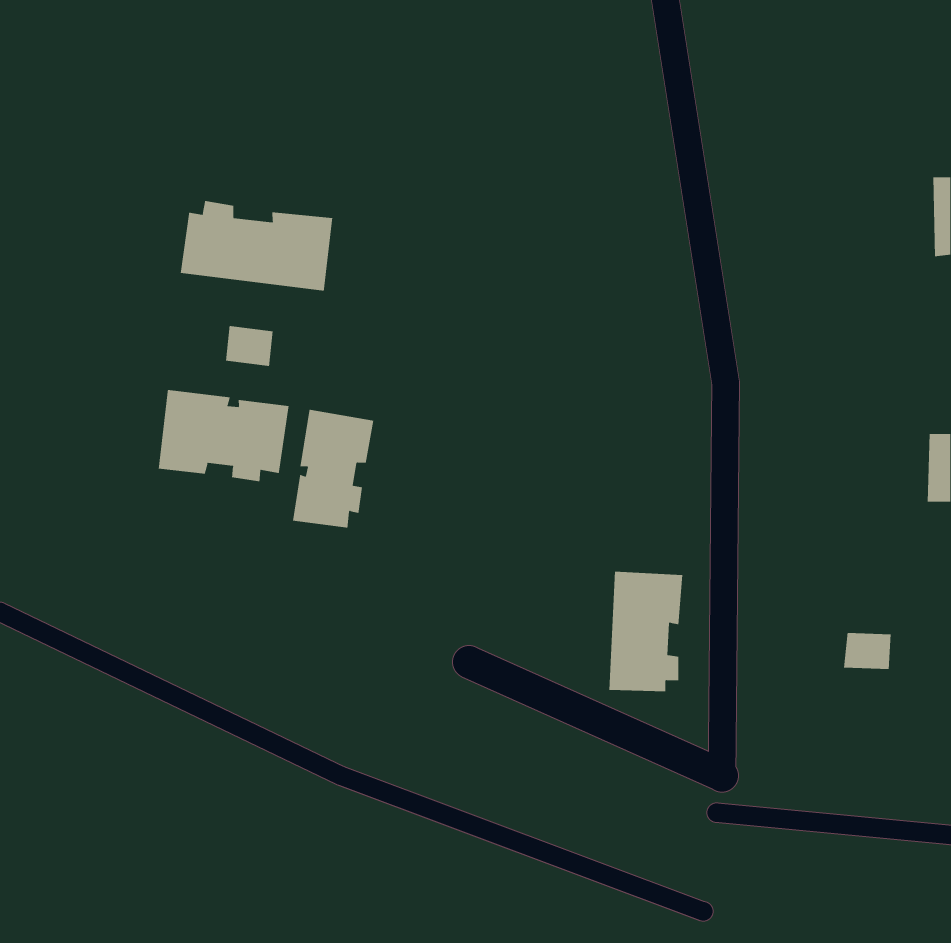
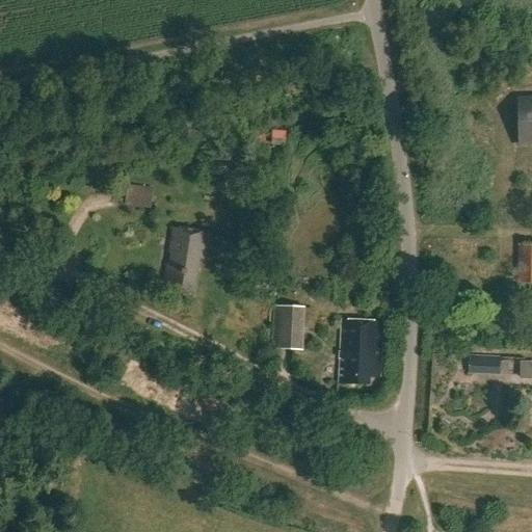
building: [180,200,333,292] -> none
building: [158,389,289,482] -> none
building: none -> [273,303,307,348]

